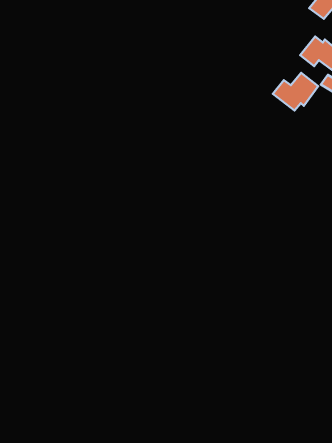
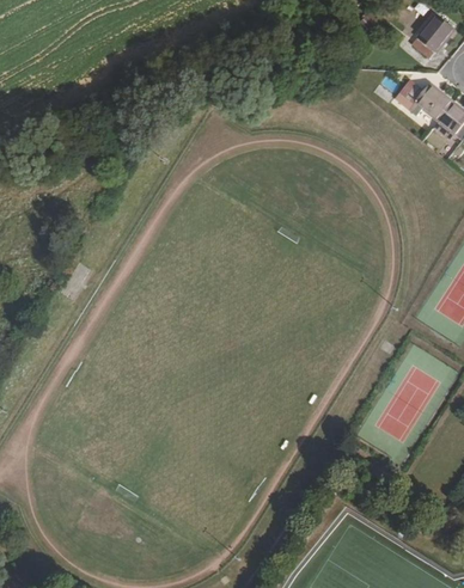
building: [273,73,318,111] -> none

